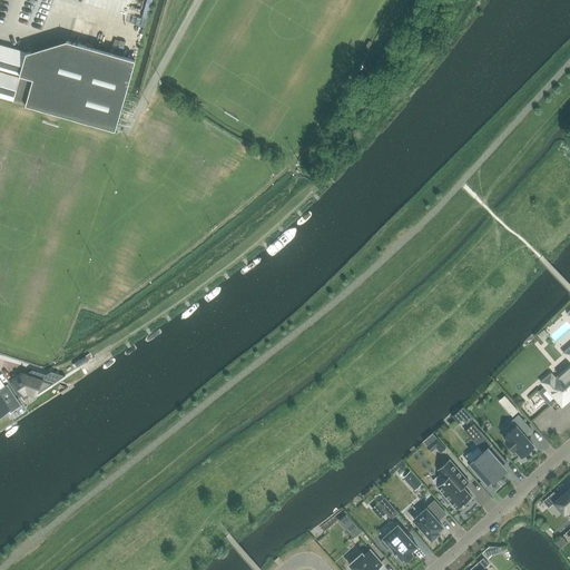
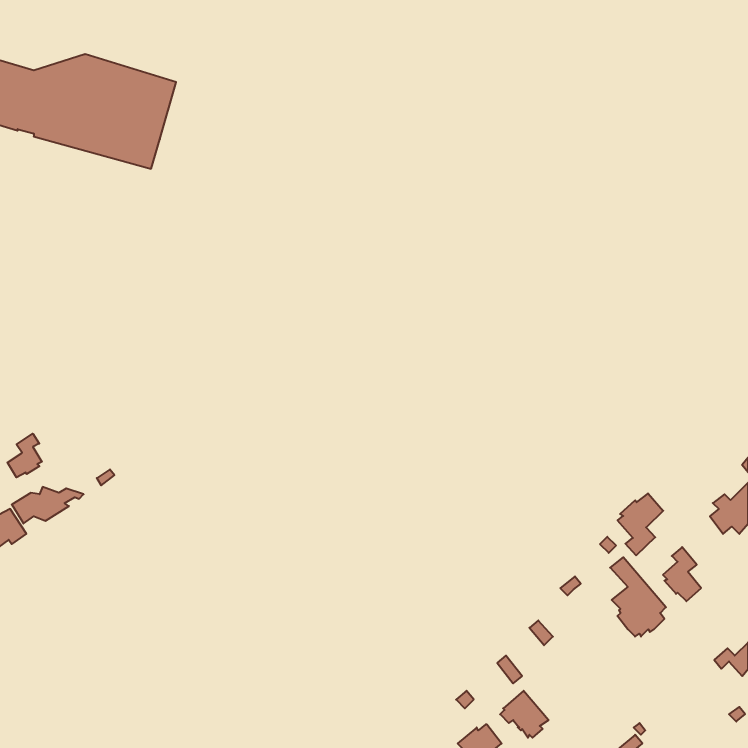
building: none -> [7,434,42,477]
building: none -> [618,493,663,555]
building: [435,460,471,511] -> none
building: [413,502,444,540] -> none

